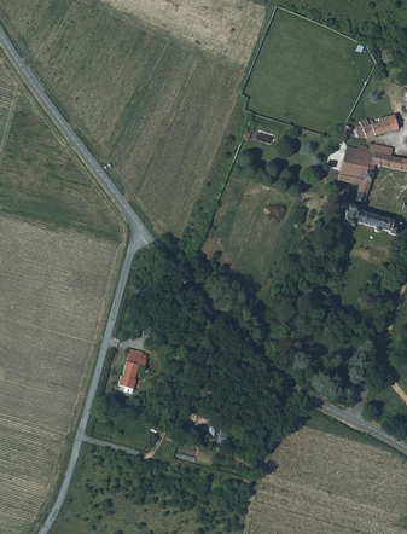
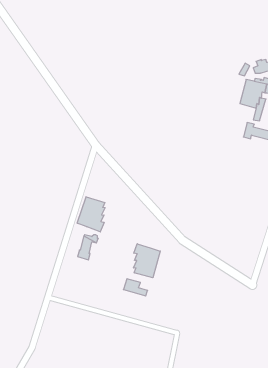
building: none -> [77,197,105,232]
building: none -> [134,244,160,278]

